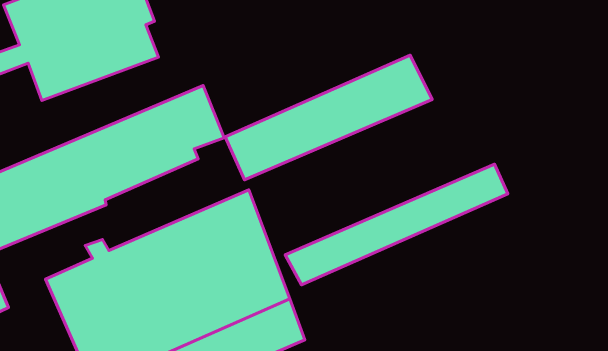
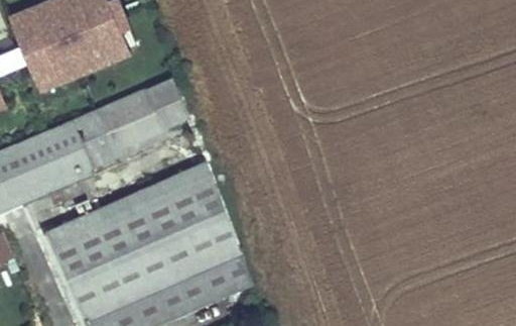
building: [225,55,432,180] -> none
building: [285,164,508,285] -> none

